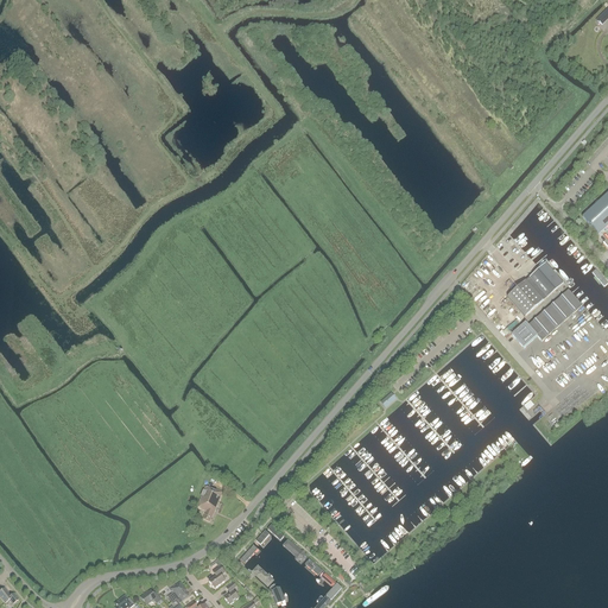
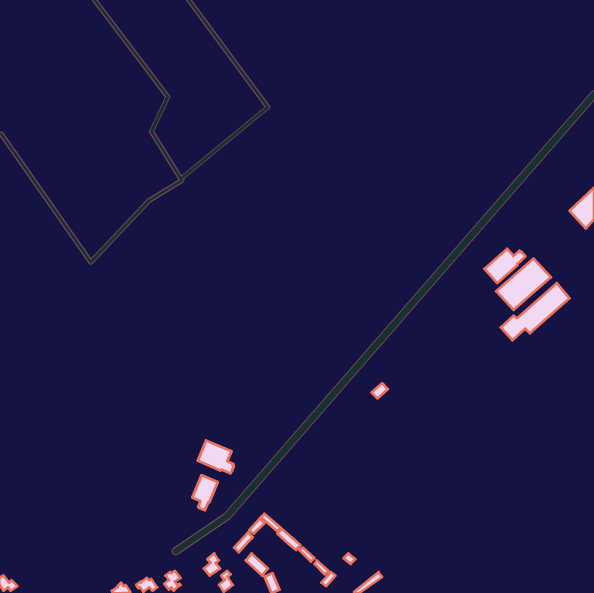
building: none -> [484,249,525,283]
building: none -> [198,440,234,473]

